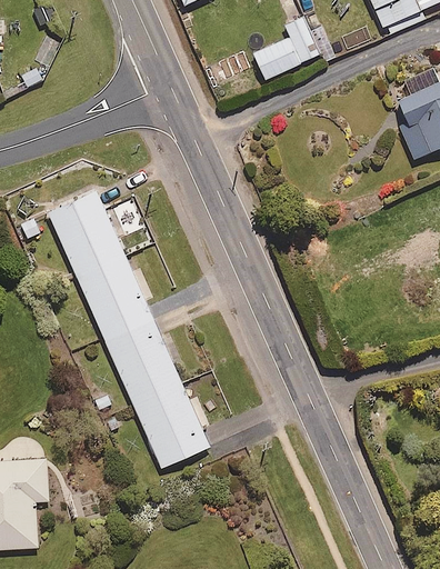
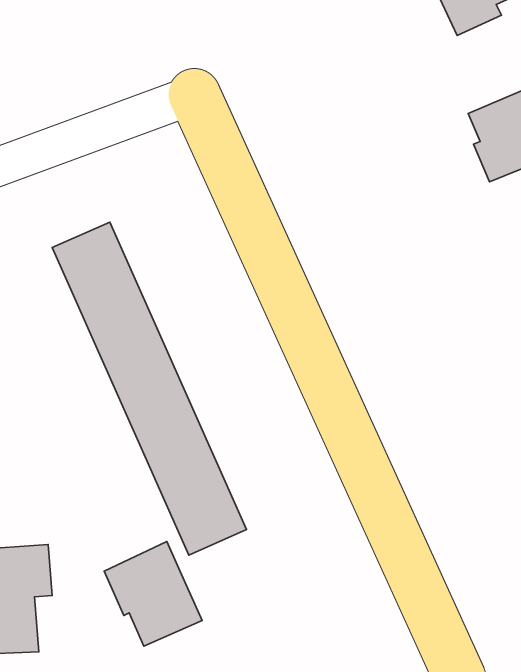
building: [251,18,318,81] -> none
building: none -> [104,542,202,646]

